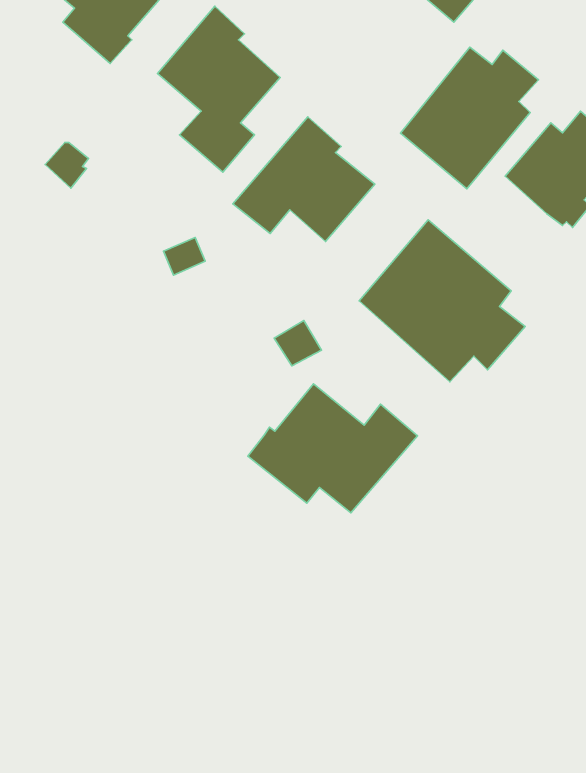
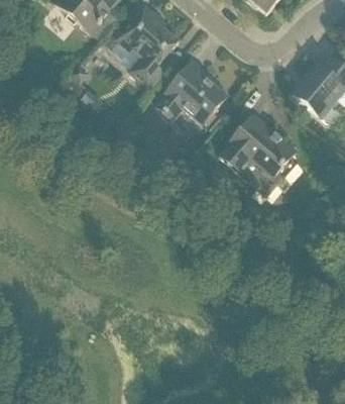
building: [400,47,539,189] -> none
building: [248,384,417,513] -> none

